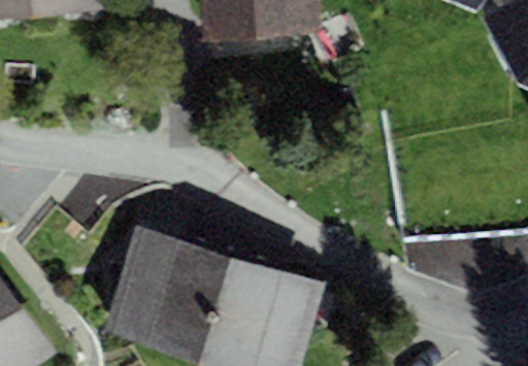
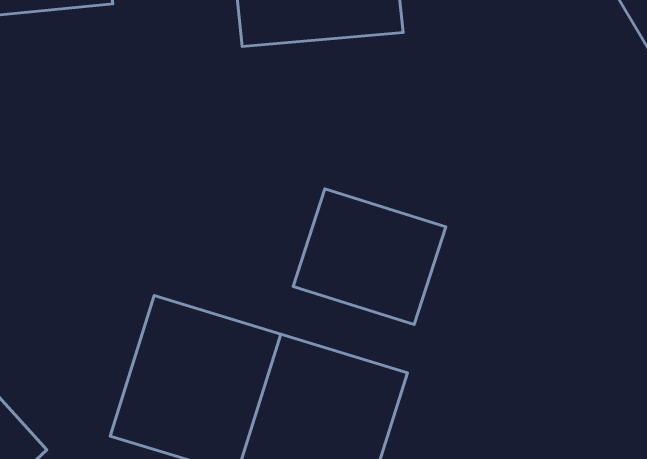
building: none -> [293,189,446,325]

